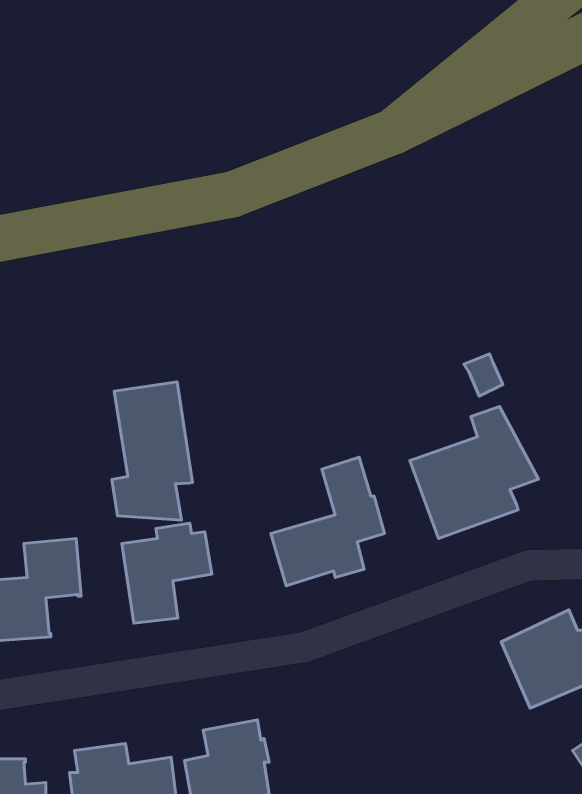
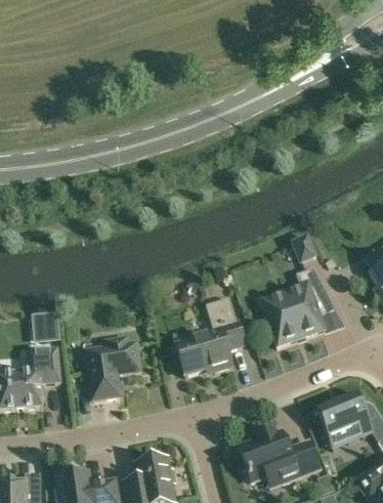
building: [112,382,192,520] -> none
building: none -> [32,318,57,342]
building: none -> [238,428,321,483]

